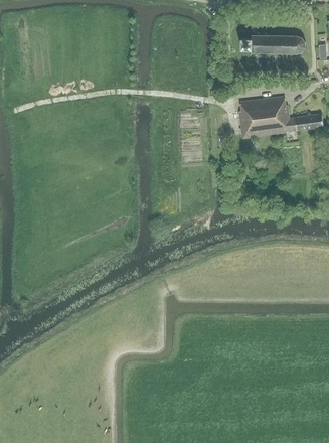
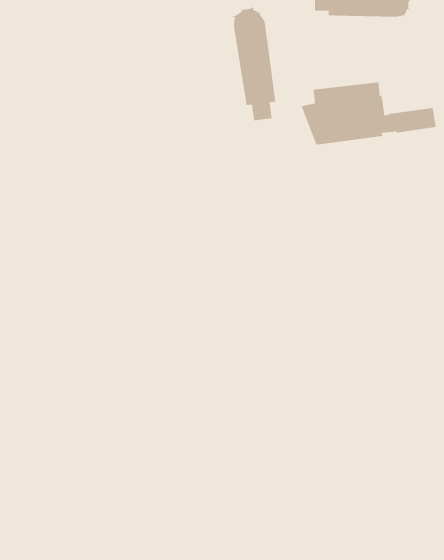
building: none -> [232,6,276,121]

